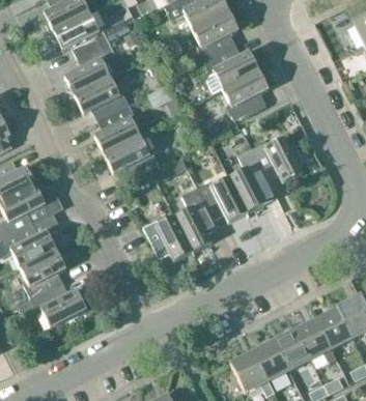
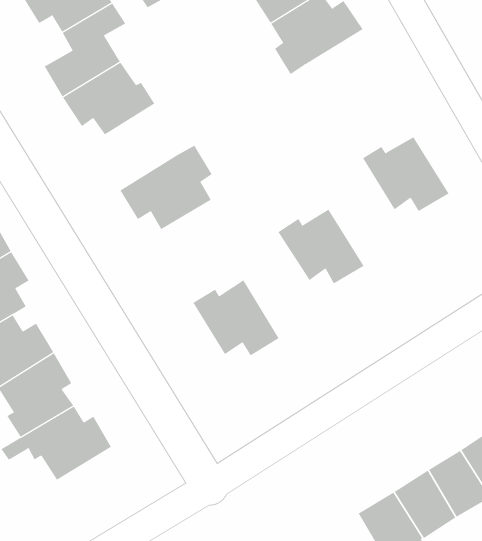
building: [222,68,269,118] -> none
building: [94,103,140,153] -> none
building: [229,146,273,211] -> none
building: [174,187,214,251] -> none

